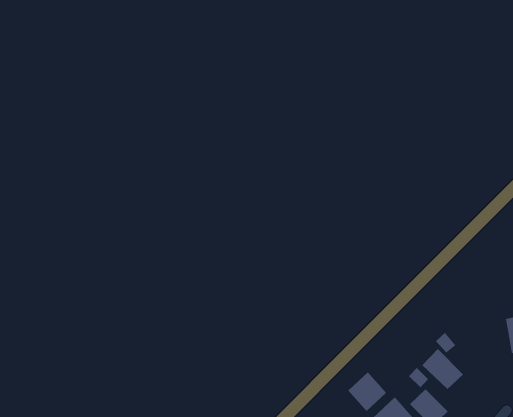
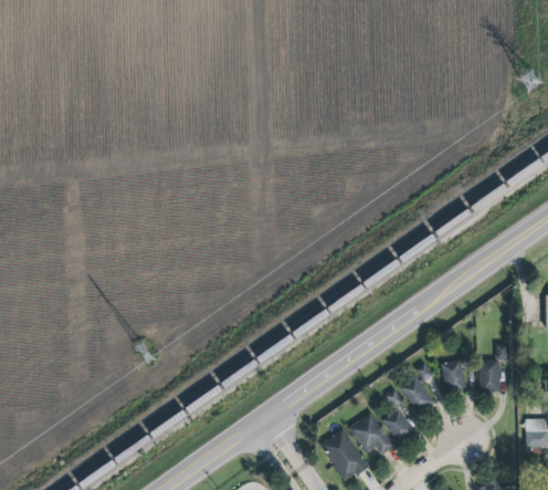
building: none -> [441,361,466,394]
building: [347,372,387,412] -> none

